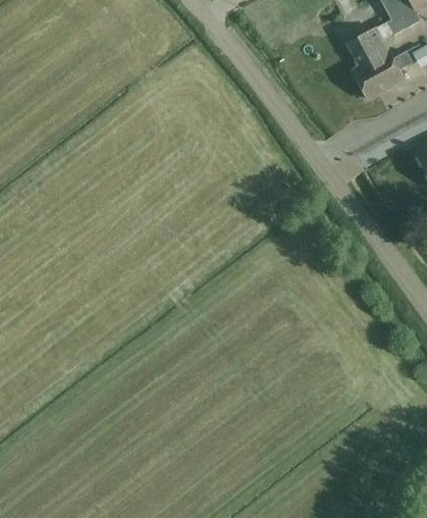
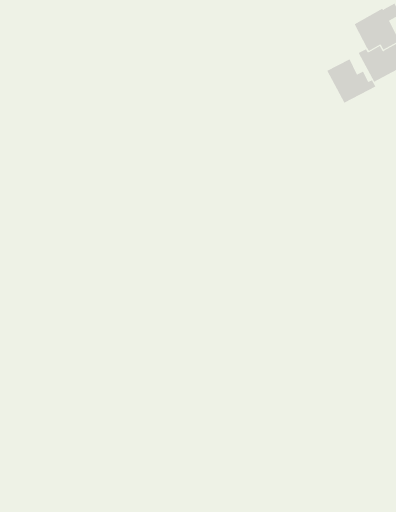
building: none -> [327,59,376,103]

